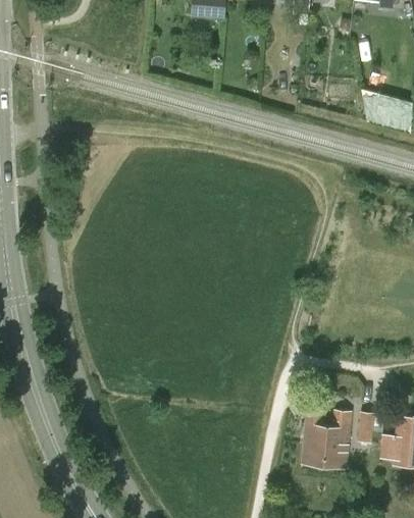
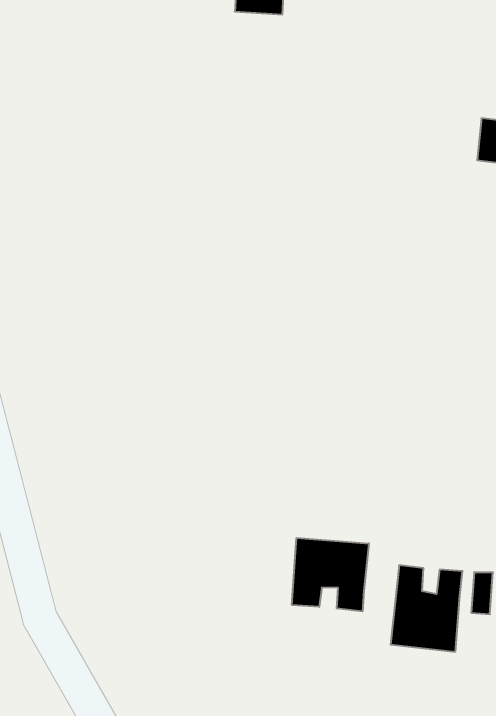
building: none -> [292,538,369,611]

